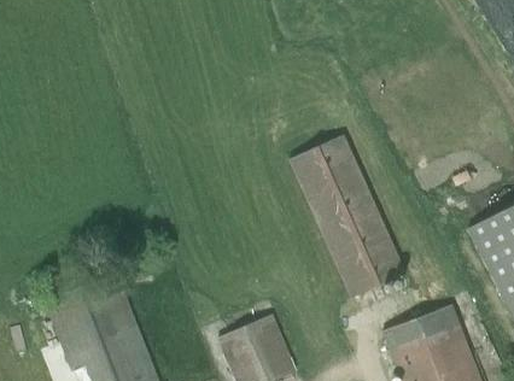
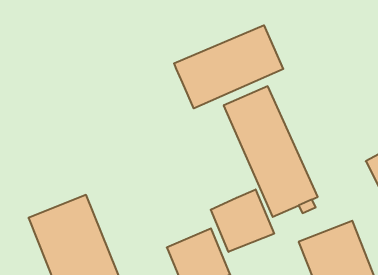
building: none -> [174,25,283,108]
building: none -> [211,189,274,252]

